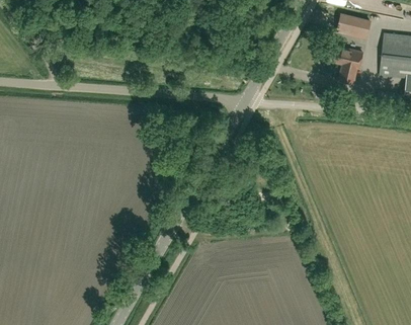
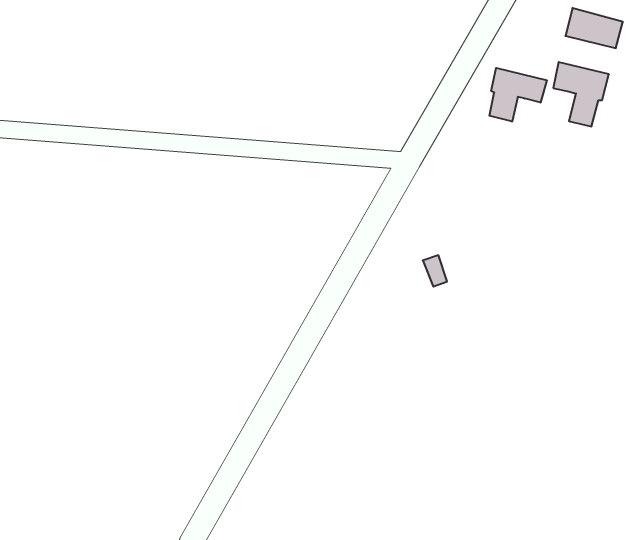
building: none -> [489,68,547,122]

